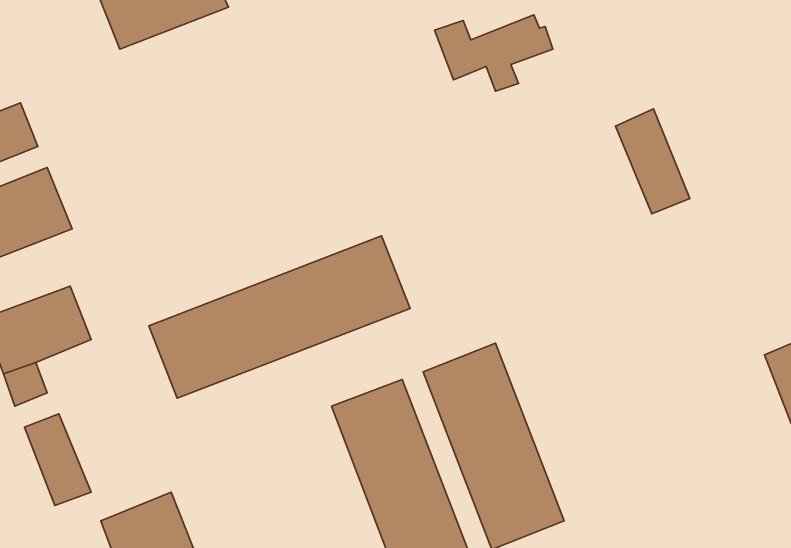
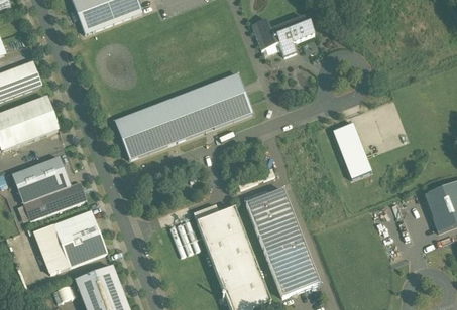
building: [615,109,690,214] -> [332,121,371,176]
building: [149,236,410,398] -> [114,72,252,158]
building: none -> [40,182,86,213]
building: none -> [52,209,107,266]

